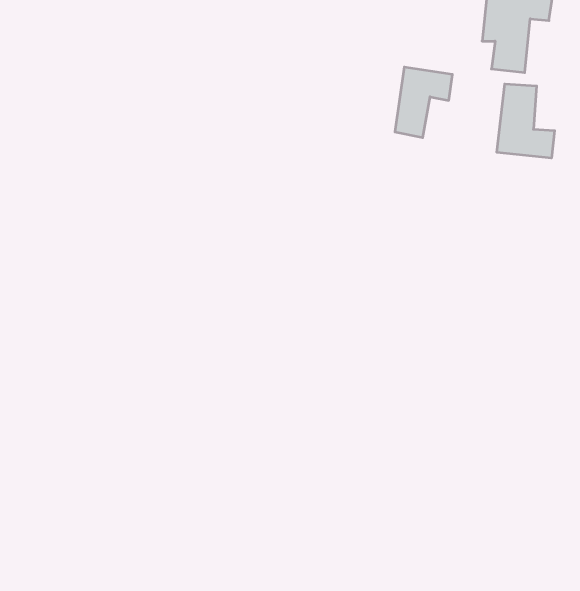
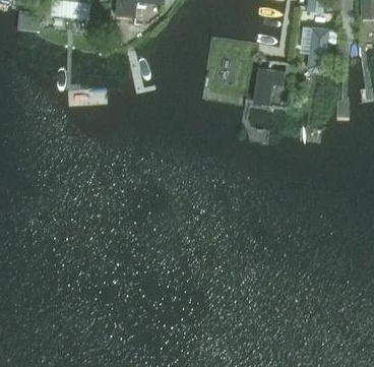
building: [497,84,555,158] -> none

